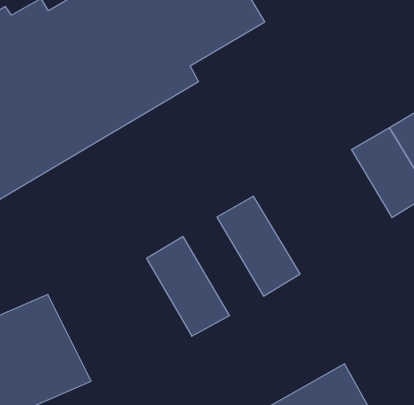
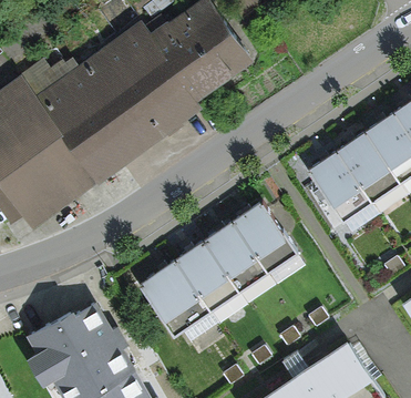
building: none -> [309,160,373,232]
building: none -> [204,222,273,302]
building: none -> [137,259,216,341]

